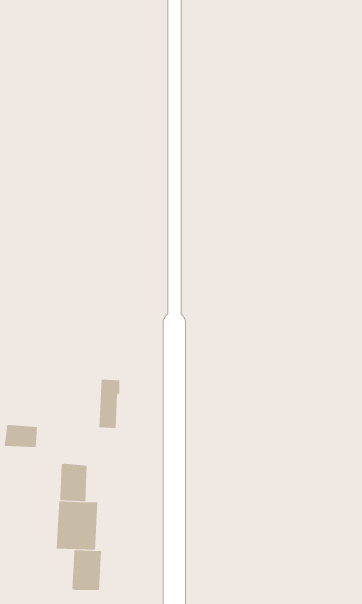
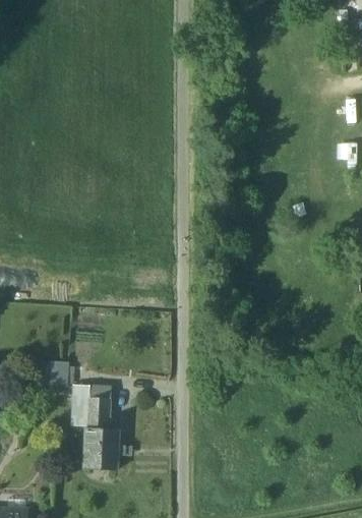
building: [99,379,120,429] -> [70,386,88,427]
building: [72,550,102,591] -> none

